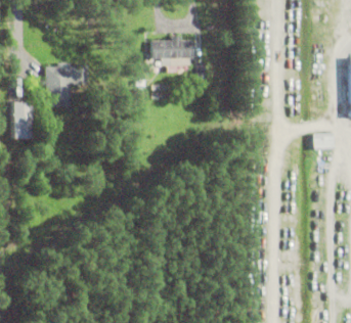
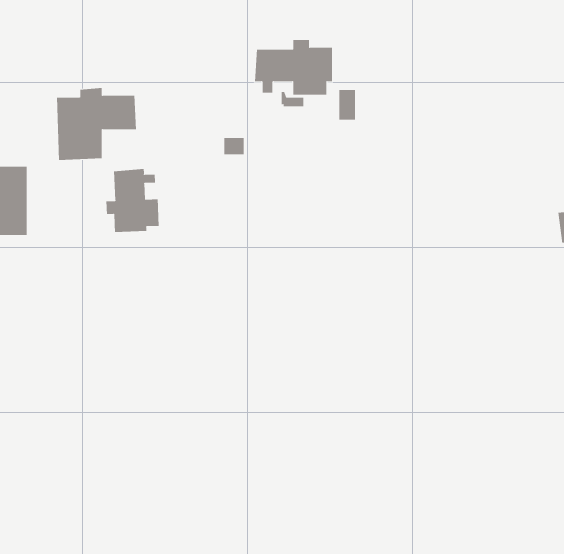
building: none -> [106,168,159,233]

